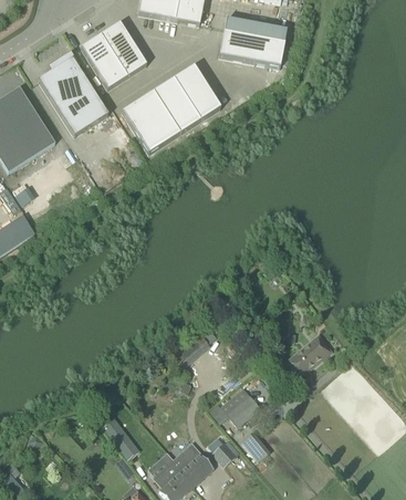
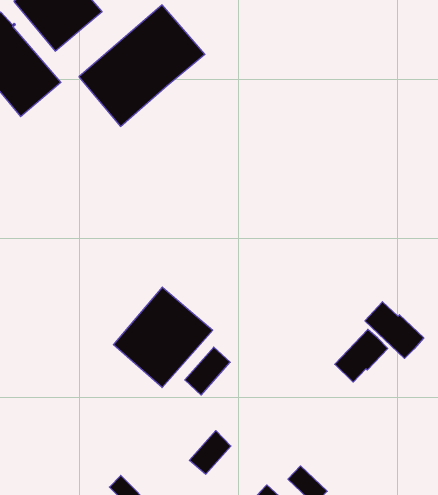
building: none -> [113,287,213,388]
building: none -> [365,302,424,358]
building: [227,392,260,424] -> [189,431,231,474]

